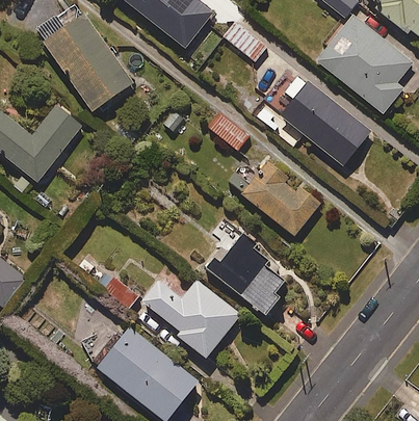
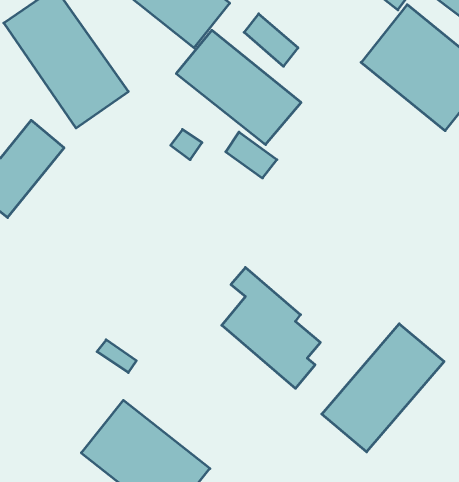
building: [271,74,370,164] -> [176,30,301,145]
building: [241,168,319,235] -> none
building: none -> [322,324,444,452]
building: [141,278,239,358] -> none

